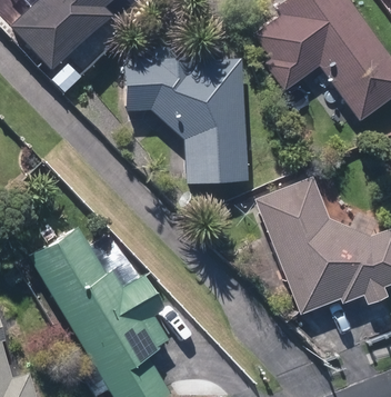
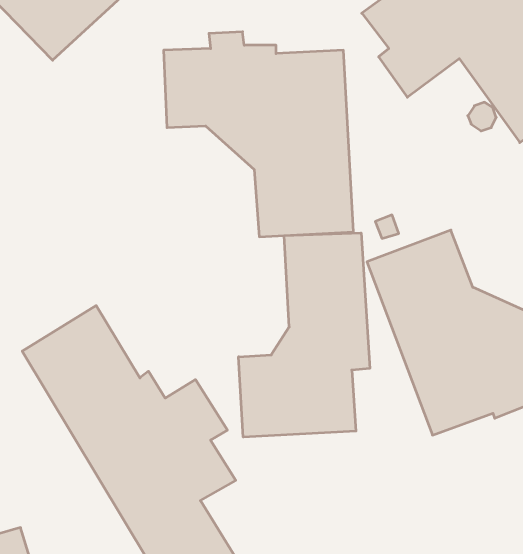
building: none -> [239,233,370,437]

